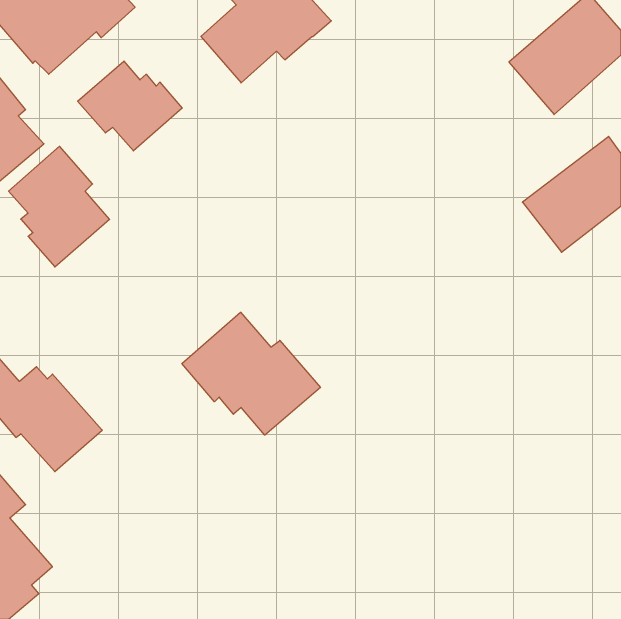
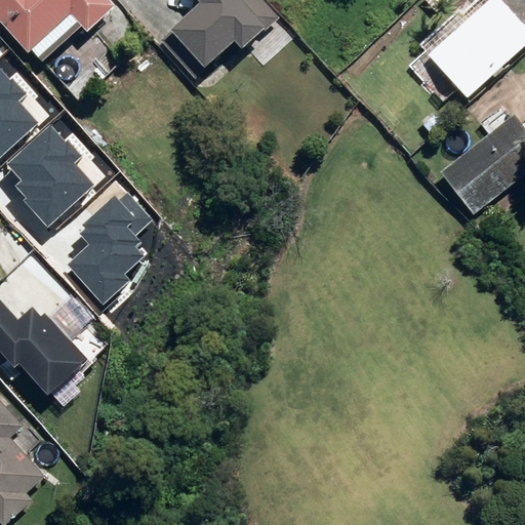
building: [78,61,182,151] -> none
building: none -> [68,191,150,299]
building: [182,312,320,435] -> none

